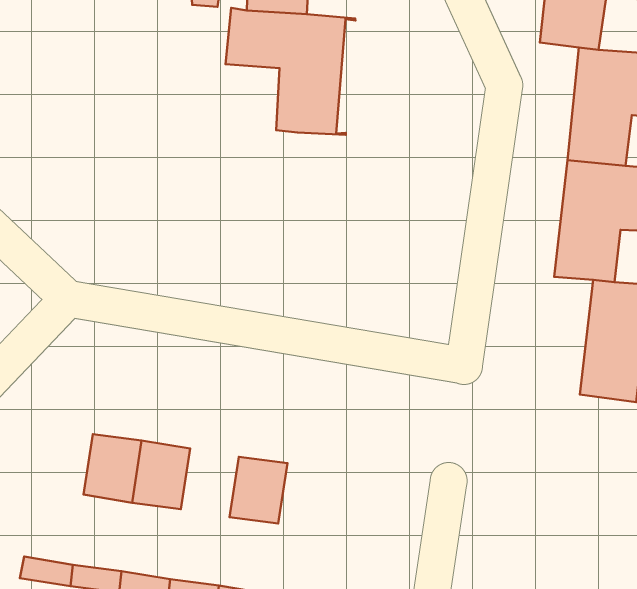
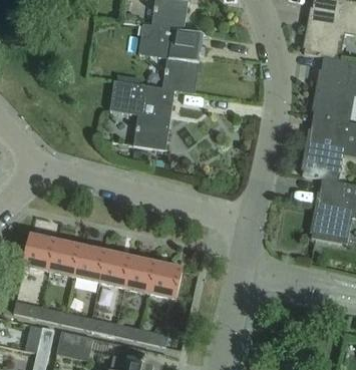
building: none -> [109,79,173,149]
building: none -> [24,233,56,270]
building: none -> [99,250,131,287]
building: none -> [149,261,183,298]

